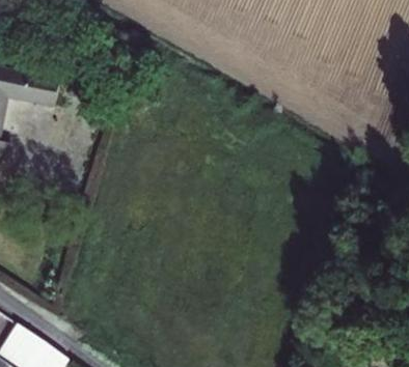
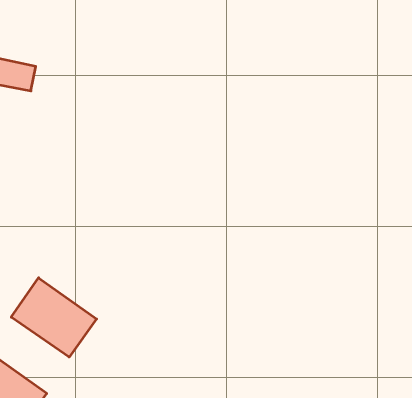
building: none -> [11,278,97,357]

